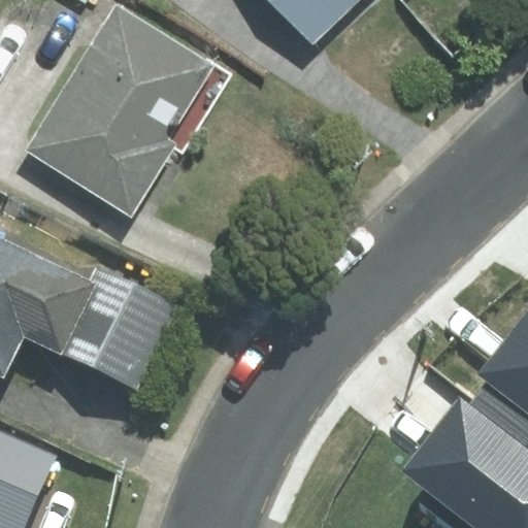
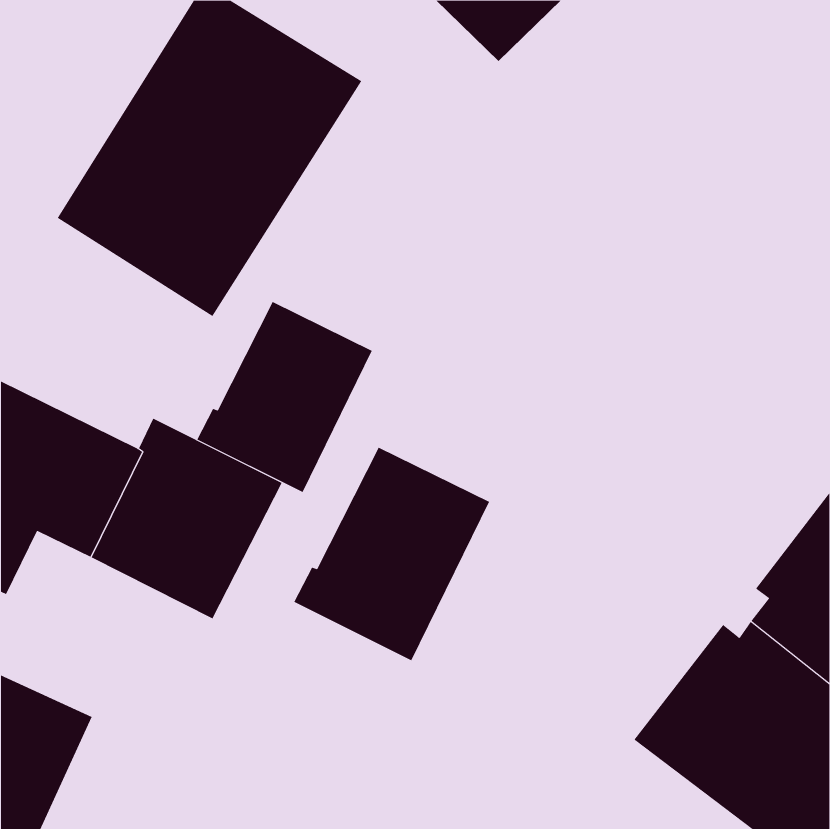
building: none -> [197,301,373,493]
building: none -> [293,447,490,661]

